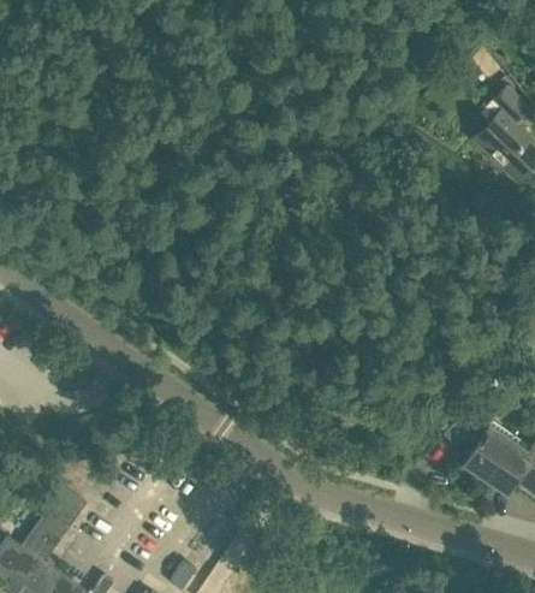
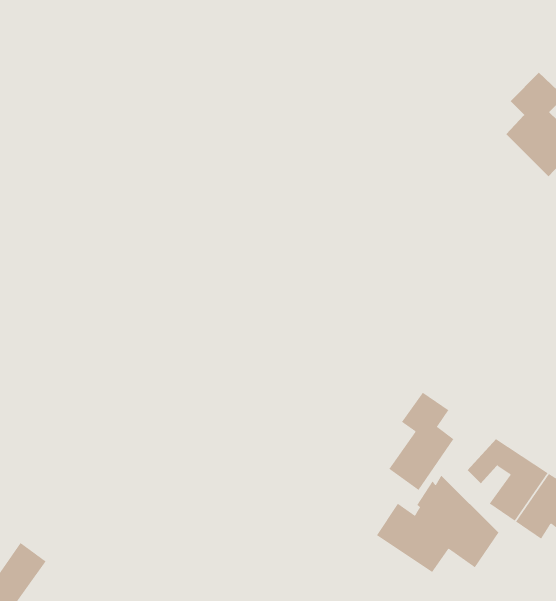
building: none -> [388,392,454,491]
building: none -> [376,475,499,573]

